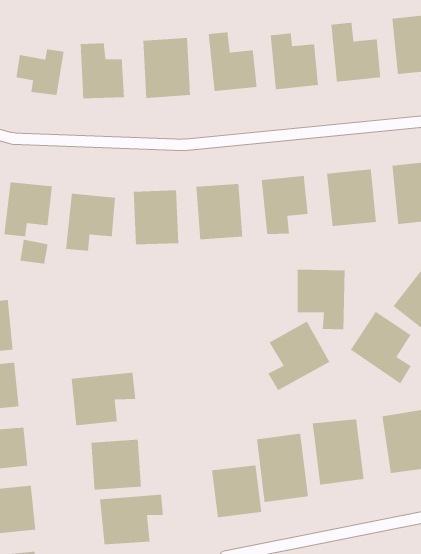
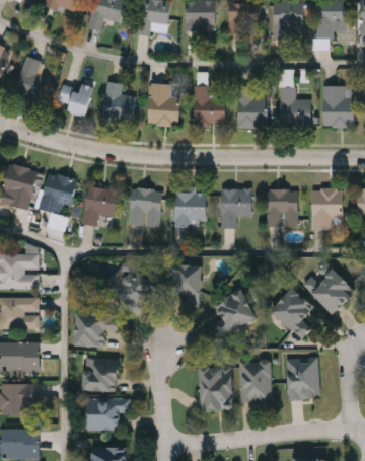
building: [297,269,345,330] -> [166,262,203,308]
building: none -> [108,265,157,313]
building: [211,464,262,518] -> none

